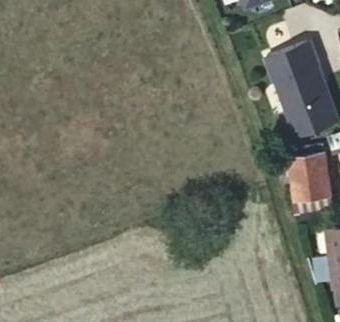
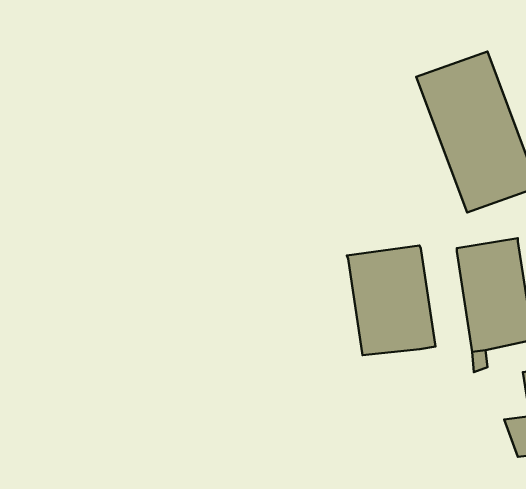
building: none -> [347,245,436,355]

